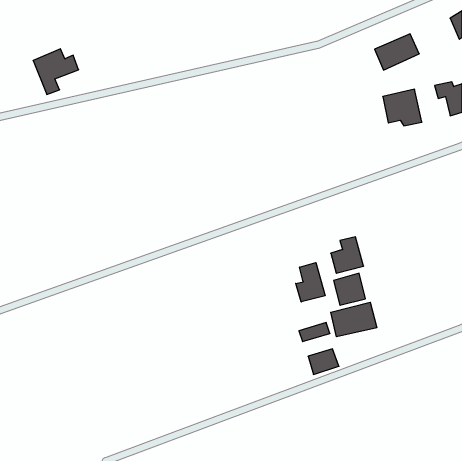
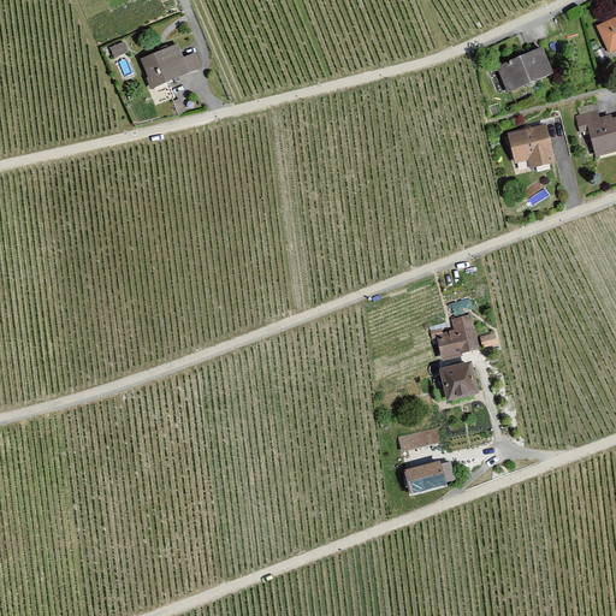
building: [33,49,79,94] -> [140,43,200,103]
building: [296,263,325,302] -> none
building: [331,302,377,337] -> none

